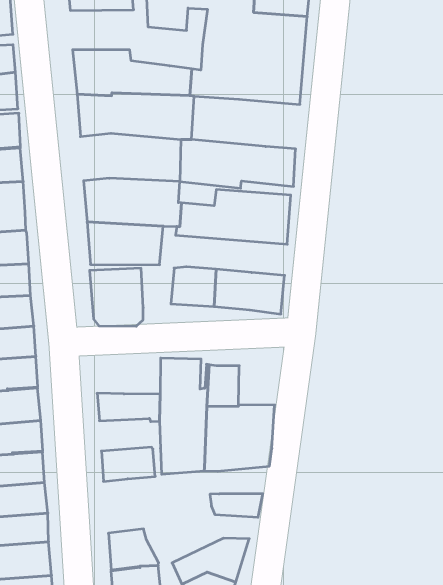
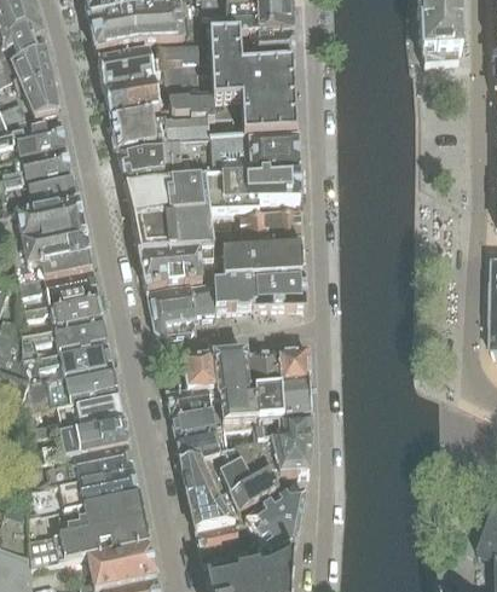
building: none -> [103,76,160,115]
building: none -> [168,95,214,117]
building: none -> [212,137,299,174]
building: none -> [125,175,209,219]
building: none -> [212,248,304,277]
building: none -> [187,279,215,314]
building: none -> [183,353,216,385]
building: none -> [277,348,310,382]
building: none -> [171,402,223,434]
building: none -> [271,428,312,455]
building: none -> [180,453,218,499]
building: none -> [219,457,278,510]

